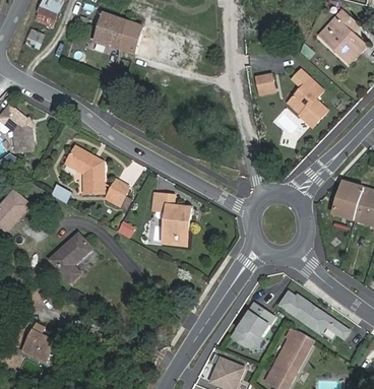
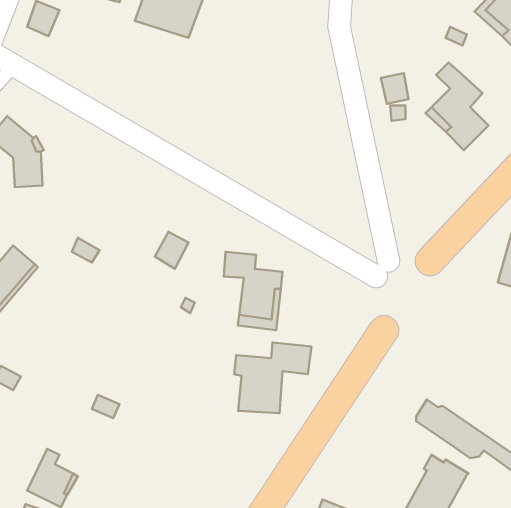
building: [66,146,104,193] -> none
building: [50,234,90,280] -> none
building: none -> [234,343,312,413]
building: [232,302,273,344] -> none

